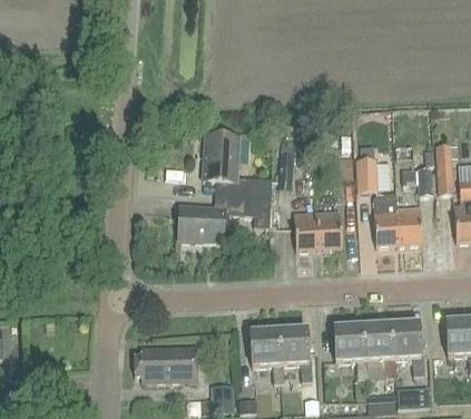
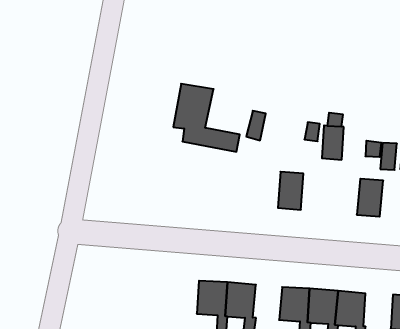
building: [178,193,271,241] -> none
building: [374,194,400,245] -> none
building: [294,211,320,250] -> none
building: [135,345,198,380] -> none

